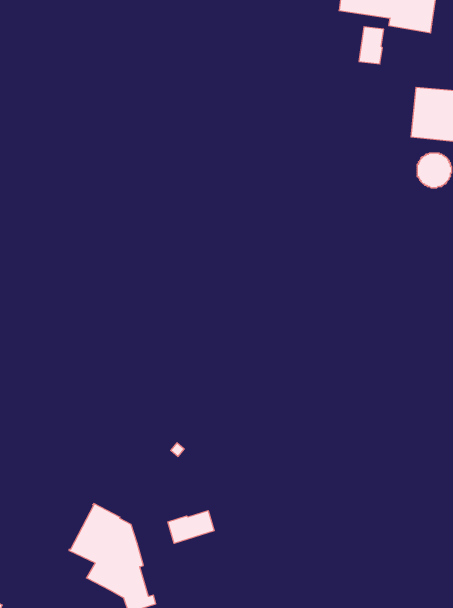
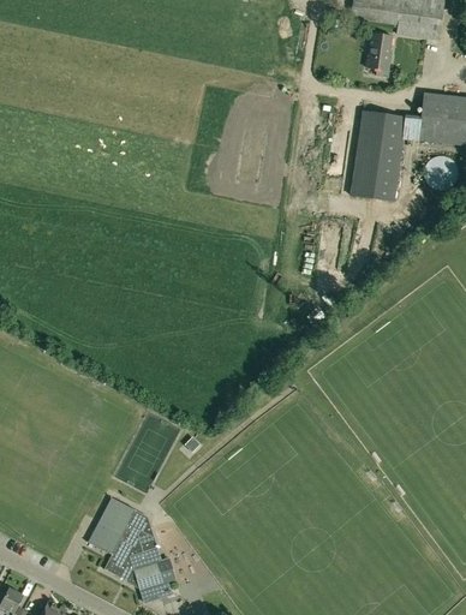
building: none -> [354,114,407,204]
building: [168,511,214,543] -> none

